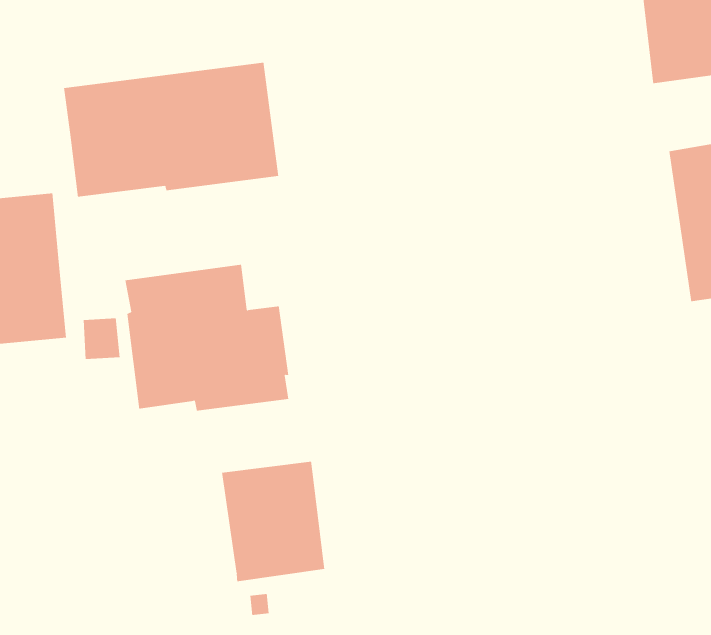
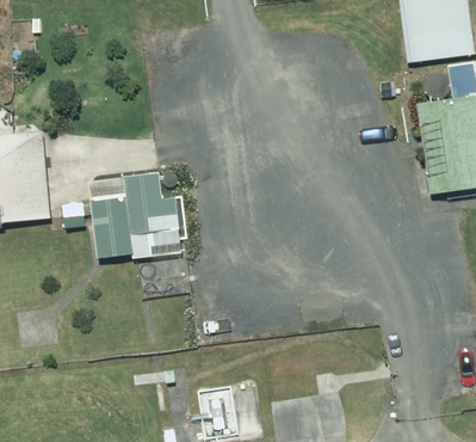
building: [63,62,279,198] -> none
building: [222,461,325,582] -> none

